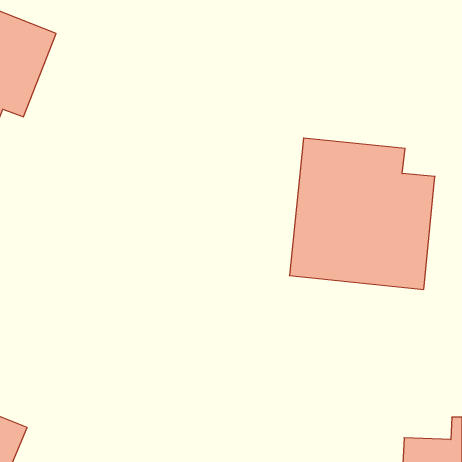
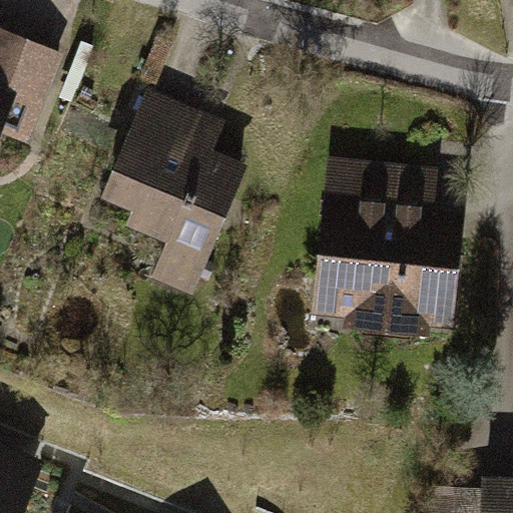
building: none -> [95,94,247,293]

